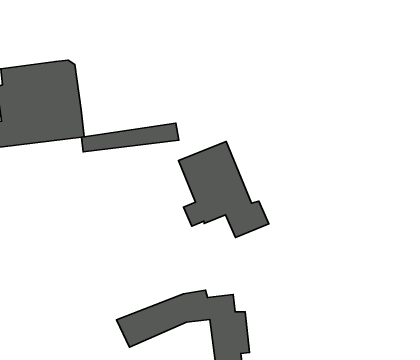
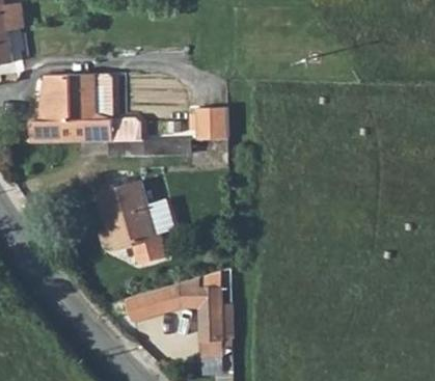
building: none -> [197,107,228,138]
building: [179,141,269,237] -> [99,182,168,263]

